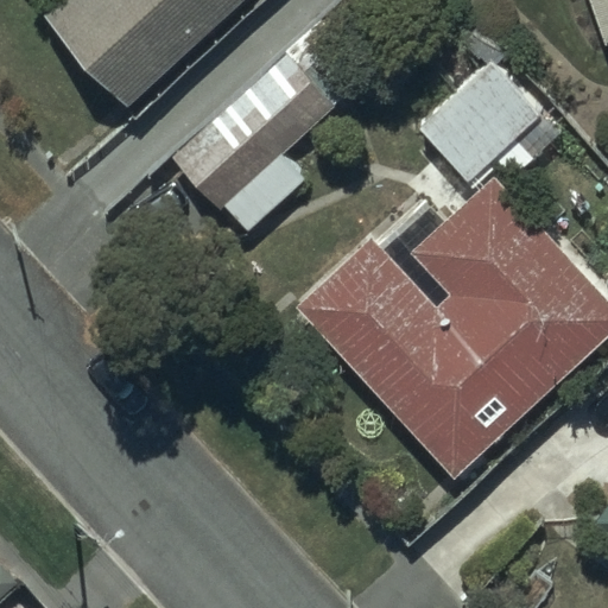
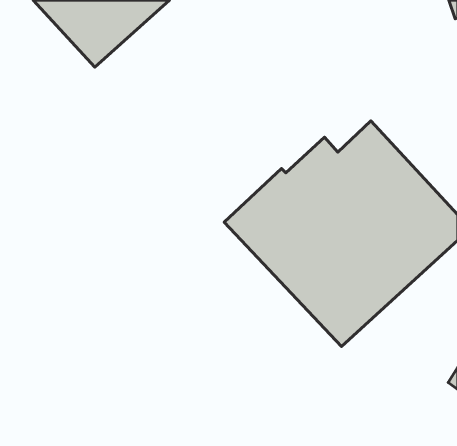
building: [171,20,374,232] -> none
building: [417,57,565,186] -> none

